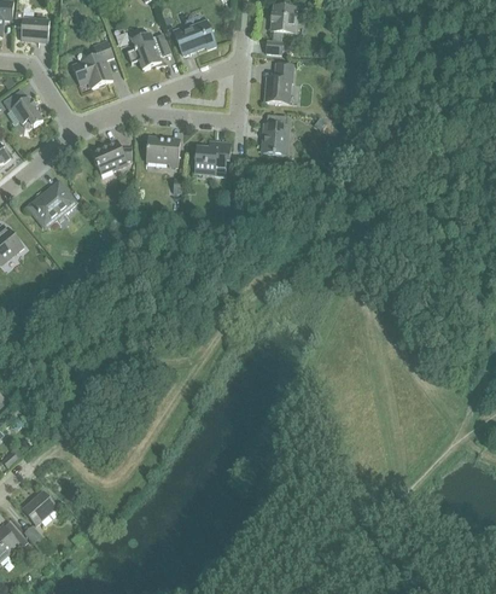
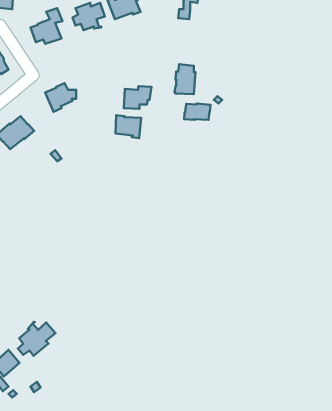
building: [264,62,293,101] -> none
building: [146,135,180,165] -> [115,115,141,138]
building: none -> [184,104,211,120]
building: none -> [18,322,56,356]

